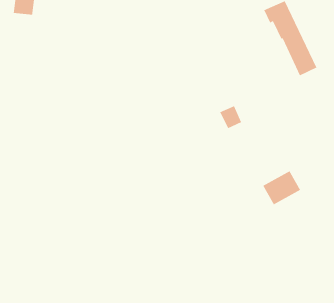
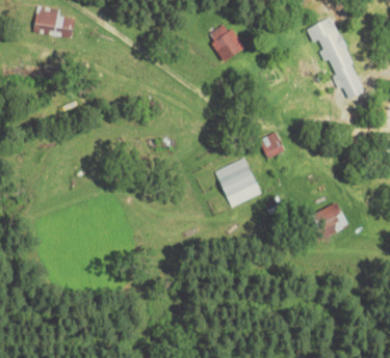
building: none -> [208,22,245,61]
building: none -> [215,158,261,206]

